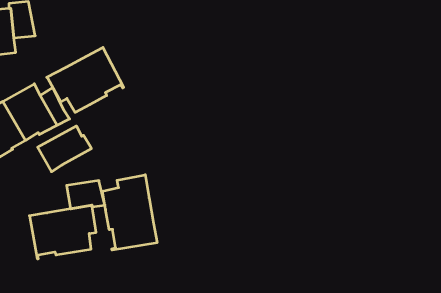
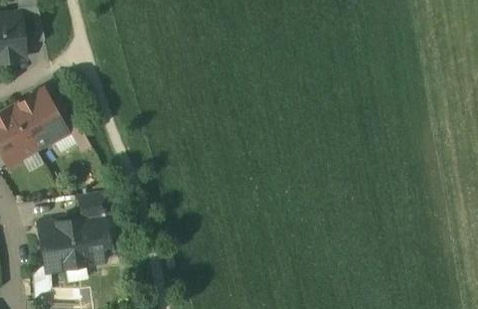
building: [47,47,124,112] -> none
building: [38,126,91,172] -> none
building: [103,175,157,250] -> none

